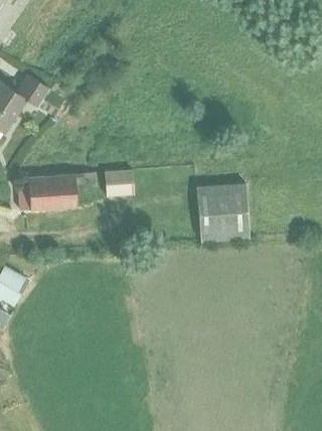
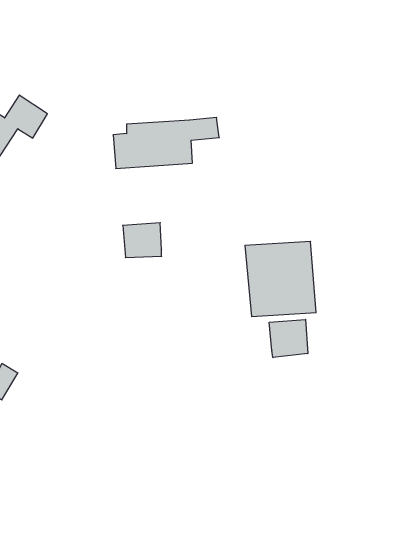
building: [17,172,97,210] -> [113,117,219,168]
building: none -> [269,319,308,358]

